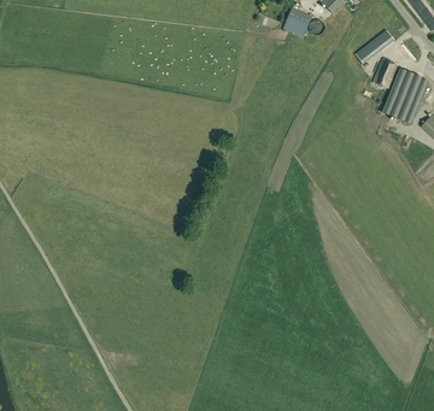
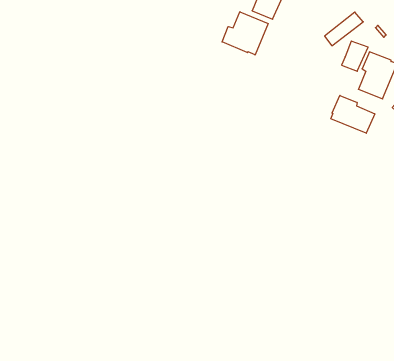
building: none -> [222,12,268,55]
building: none -> [331,95,375,133]

